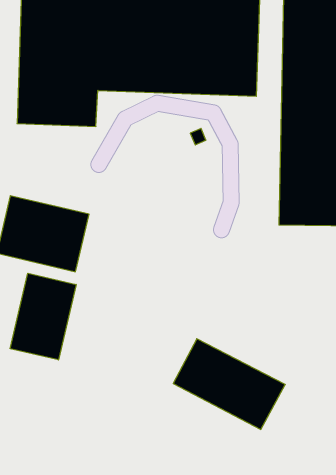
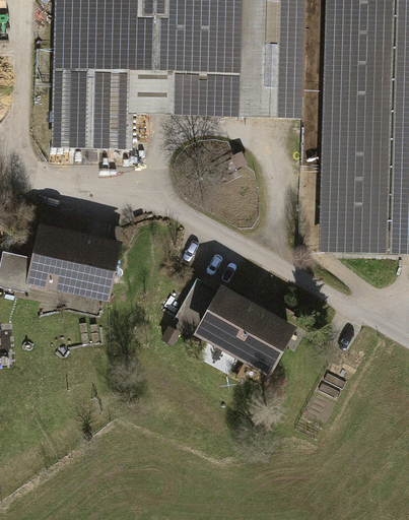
building: [10,273,76,360] -> none
building: [173,339,285,429] -> [172,274,288,369]

